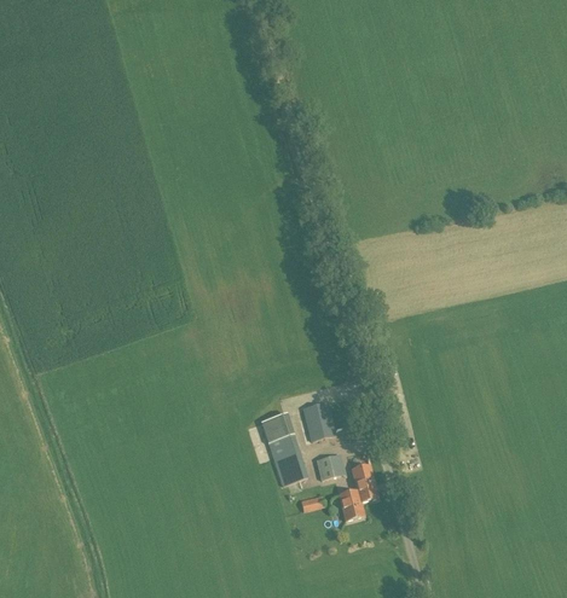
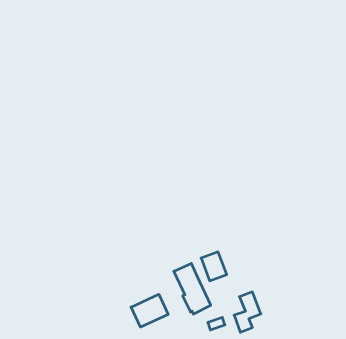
building: none -> [131,294,168,327]
building: [314,453,345,480] -> none

